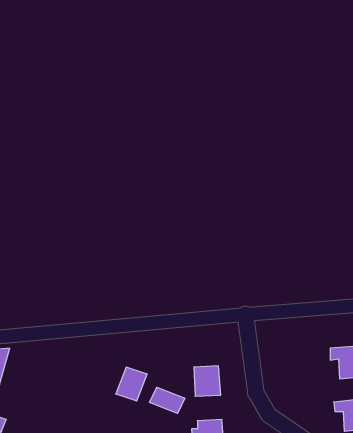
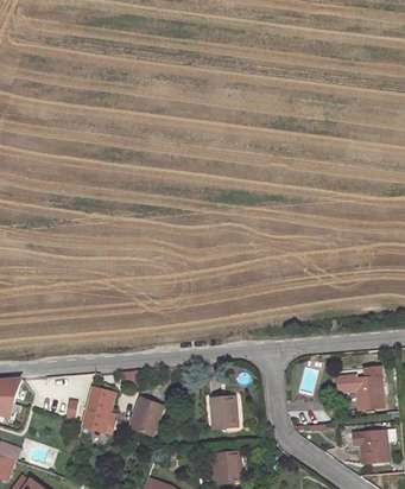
building: none -> [81,387,114,432]
building: [150,387,185,413] -> none

